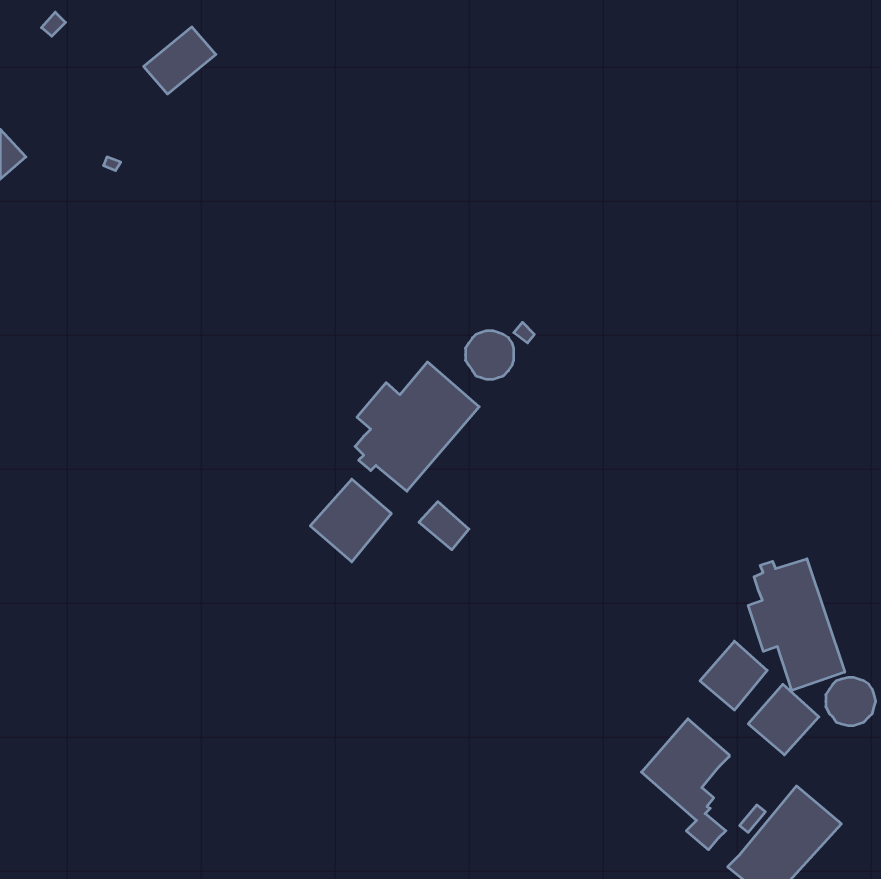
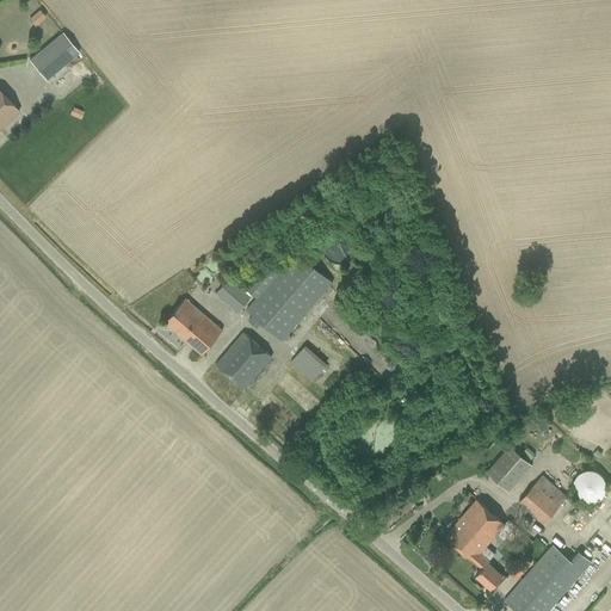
building: [144,27,216,94] -> [29,33,79,80]
building: none -> [216,279,251,313]
building: none -> [165,298,222,354]
building: [748,559,845,690] -> none

